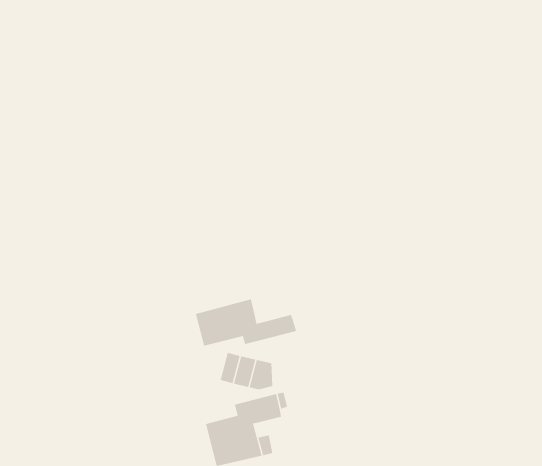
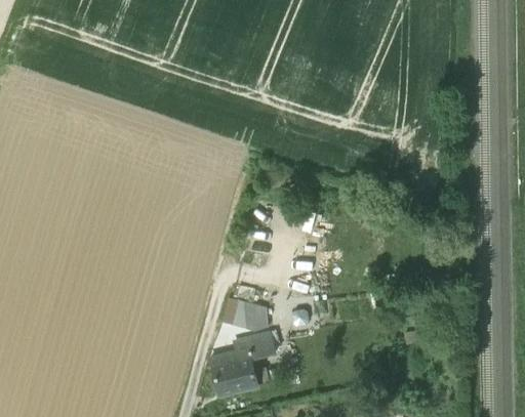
building: [195,298,297,346] -> none

